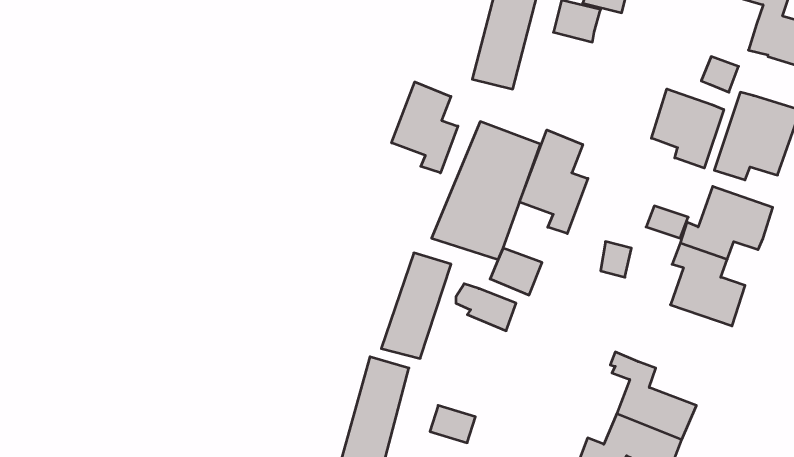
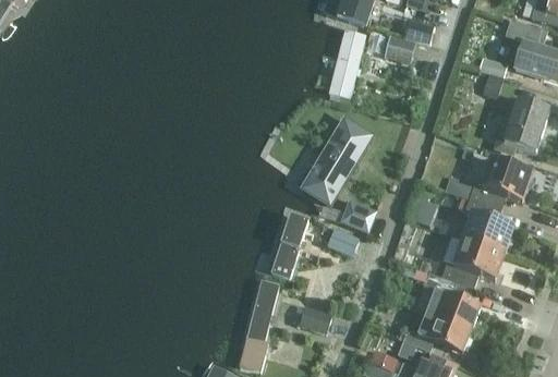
building: [392,82,458,173] -> none
building: [651,89,724,168] -> none
building: [520,130,588,234] -> none
building: none -> [438,241,501,291]

